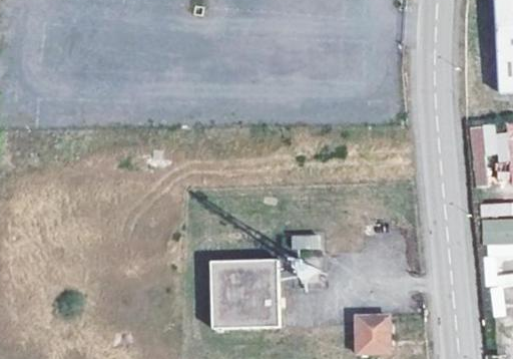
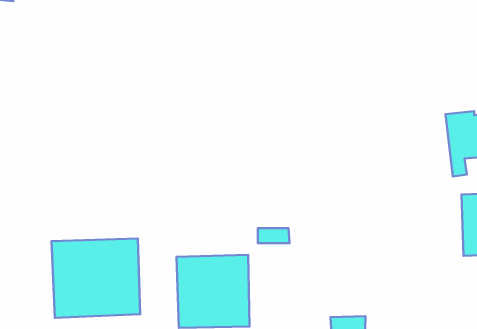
building: none -> [51,239,140,318]

